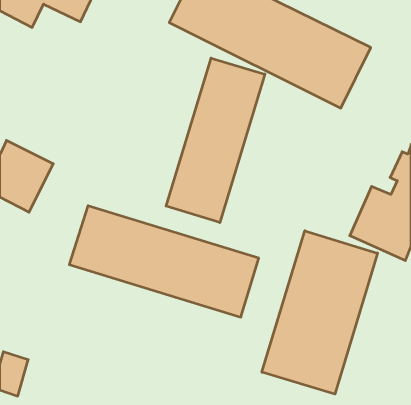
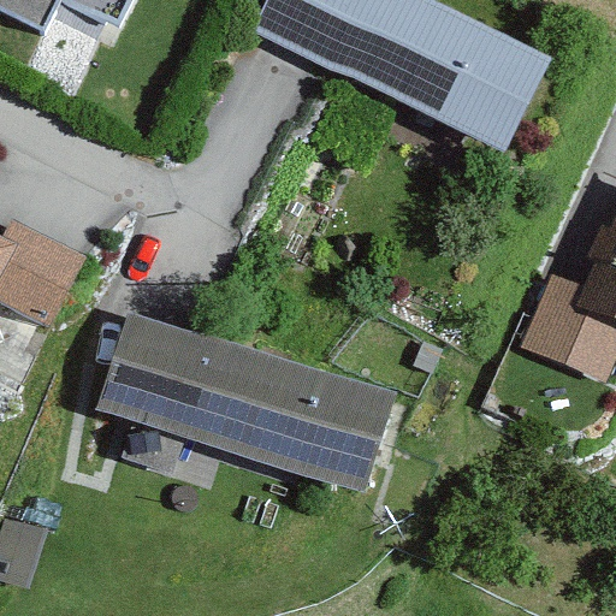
building: [166,58,265,223] -> none
building: [262,231,378,394] -> none

